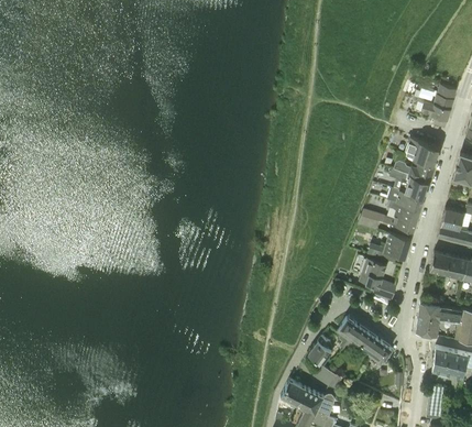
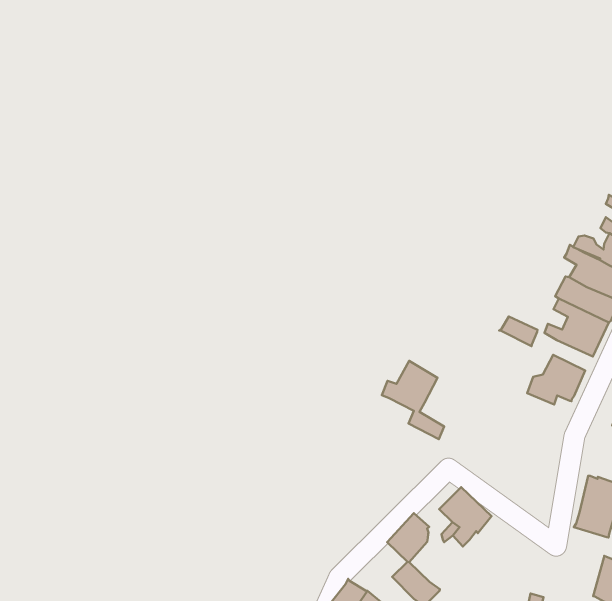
building: [355,256,394,299] -> [382,361,444,439]
building: [356,331,392,364] -> none

